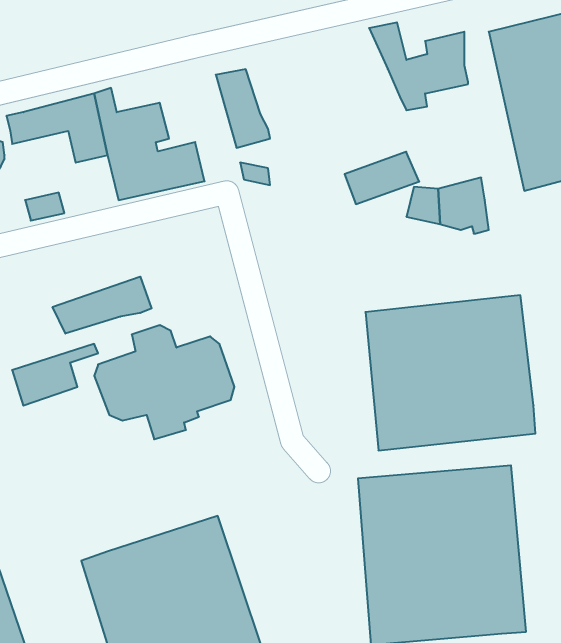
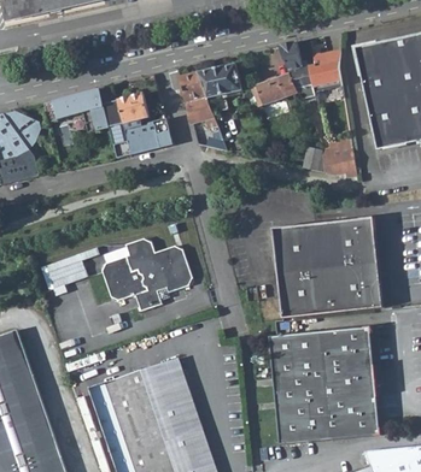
building: none -> [198,64,241,111]
building: [345,152,419,204] -> [250,72,298,106]
building: [53,277,152,334] -> none

